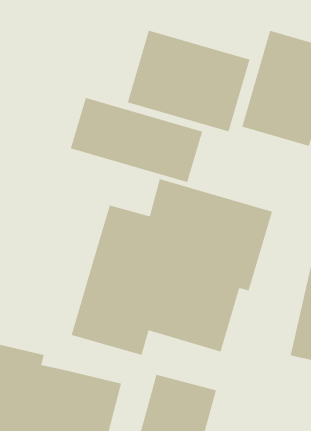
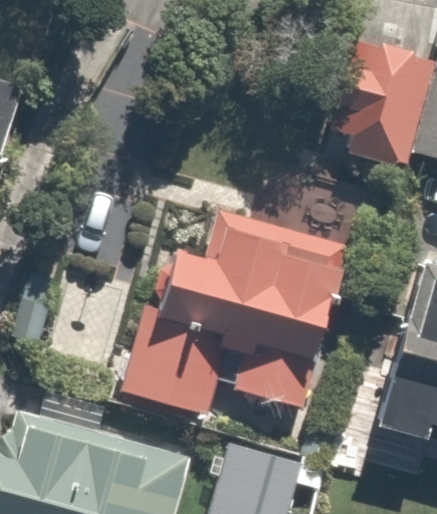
building: [127,30,250,132] -> none
building: [70,97,203,183] -> none

